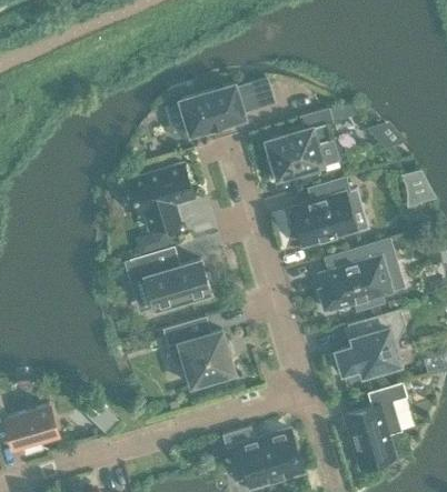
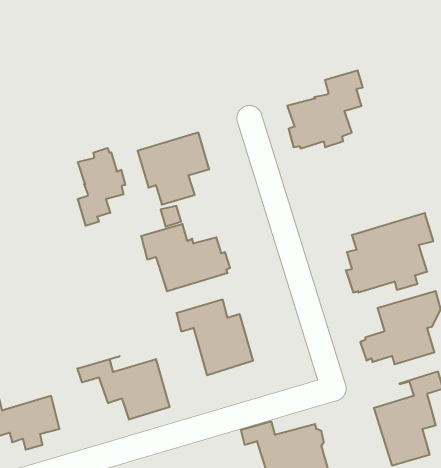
building: [180,80,275,135] -> none
building: [288,179,362,248] -> none
building: none -> [78,148,125,226]
building: none -> [77,356,169,420]

